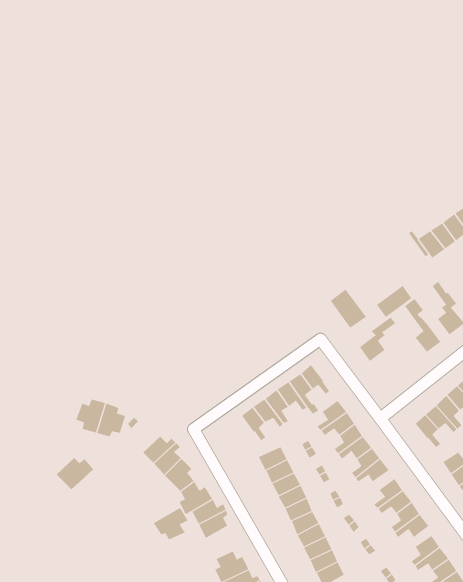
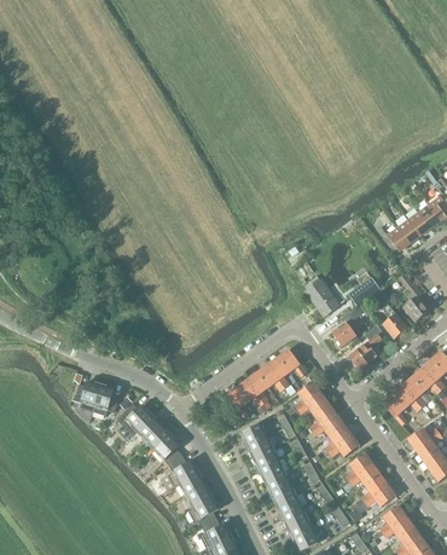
building: none -> [349,324,382,370]
building: [56,457,94,490] -> [116,403,151,433]
building: [153,507,189,540] -> [187,496,220,526]

